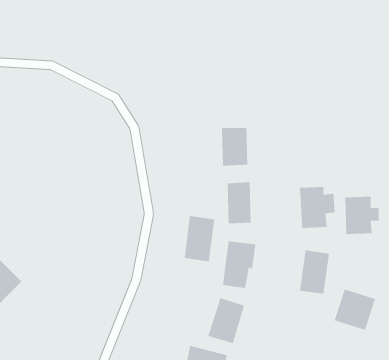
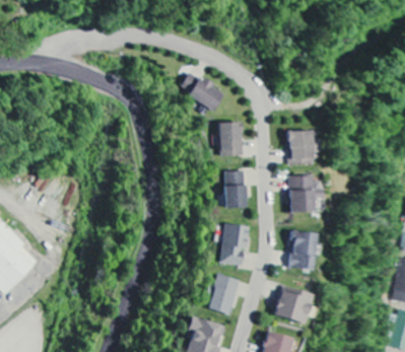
building: none -> [179,71,223,111]
building: [344,196,379,235] -> [287,130,319,164]
building: [184,215,215,262] -> none
building: [334,289,376,331] -> [274,286,312,324]

